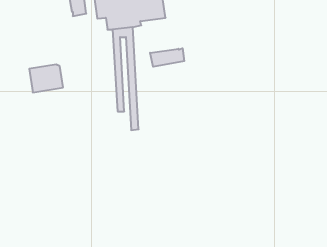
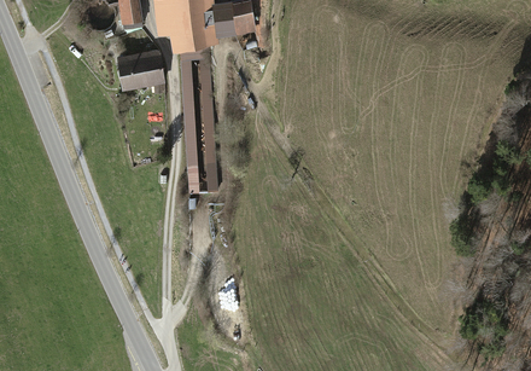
building: [150,48,184,67] -> none
building: [29,65,63,92] -> [117,50,165,89]

